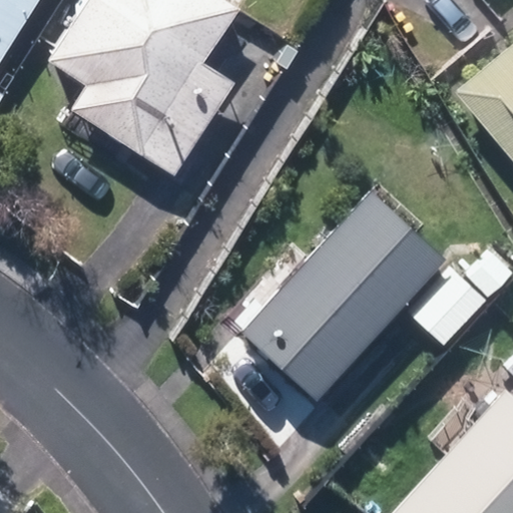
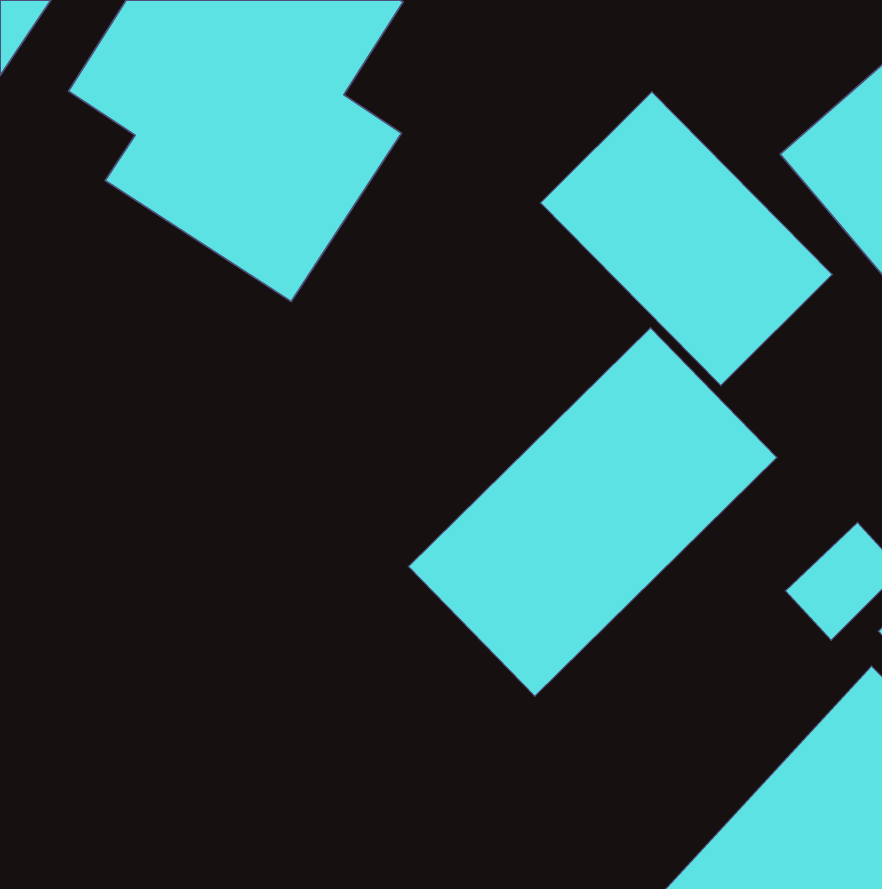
building: none -> [540,92,832,386]

